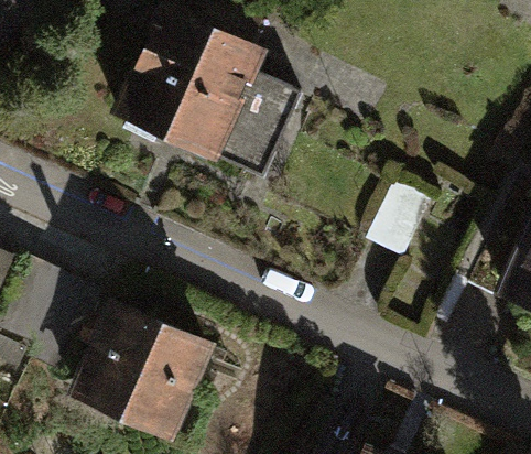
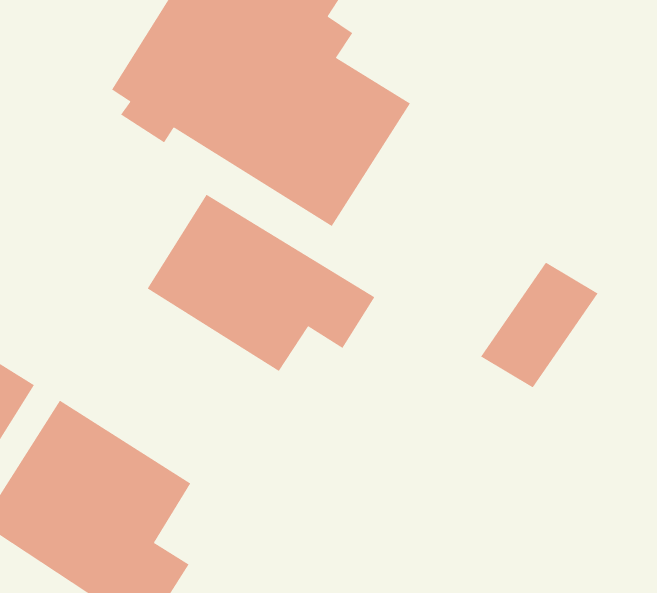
building: none -> [147,194,375,372]

